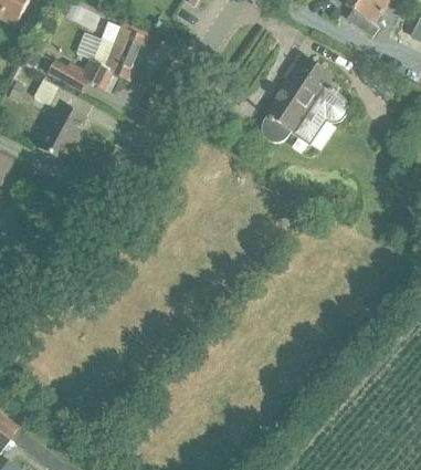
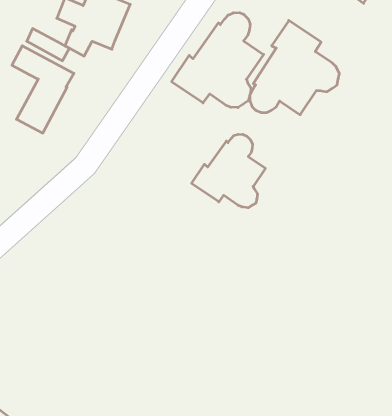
building: none -> [172,13,264,108]
building: none -> [192,134,265,208]

